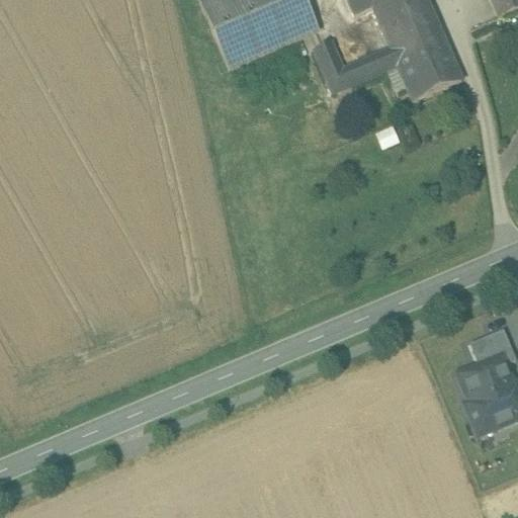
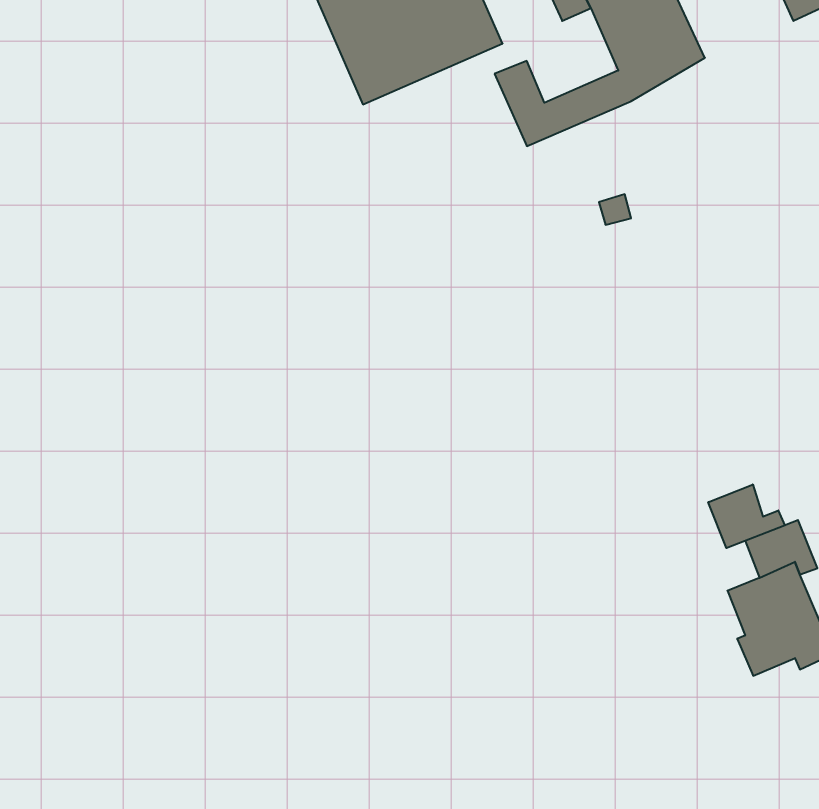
building: [399,36,462,99] -> none
building: none -> [708,484,785,548]

